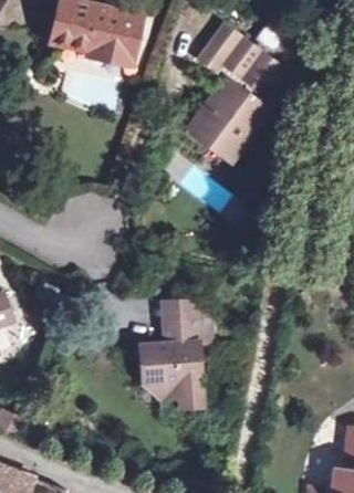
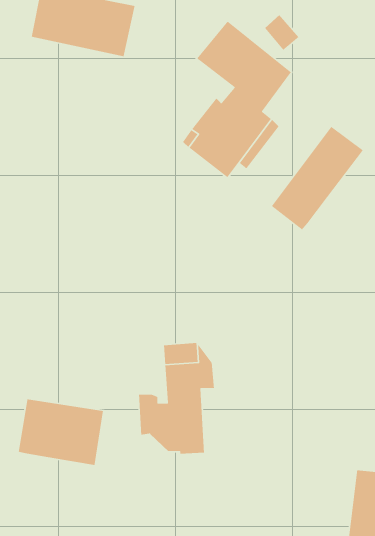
building: none -> [271,126,364,231]
building: none -> [18,399,104,466]

